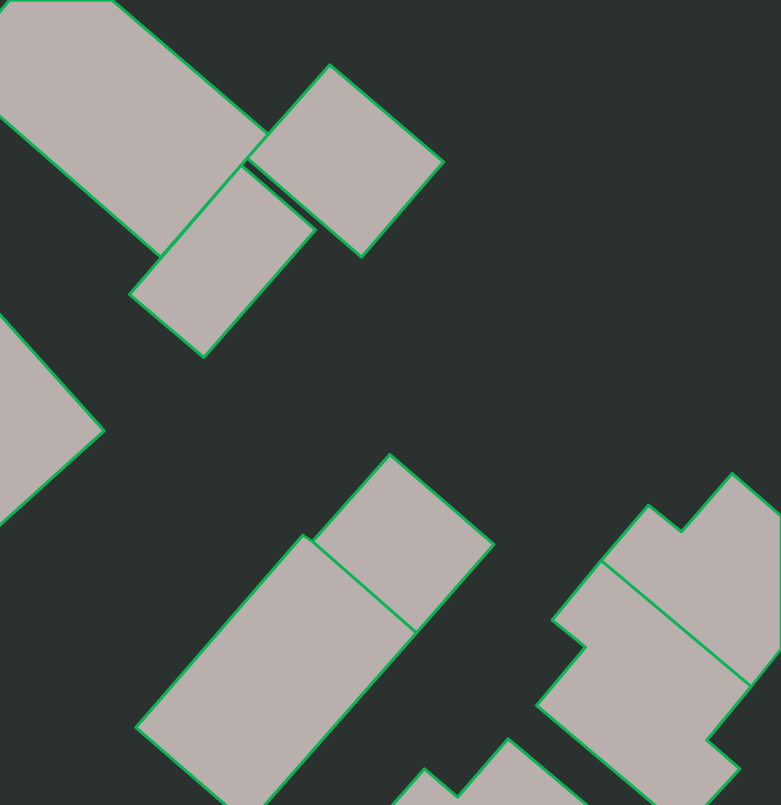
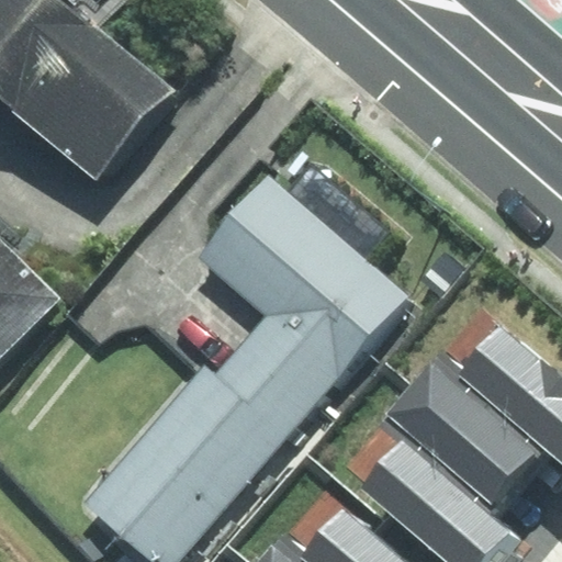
building: [247,65,443,257] -> none
building: [130,165,315,357] -> none
building: none -> [207,181,415,380]

